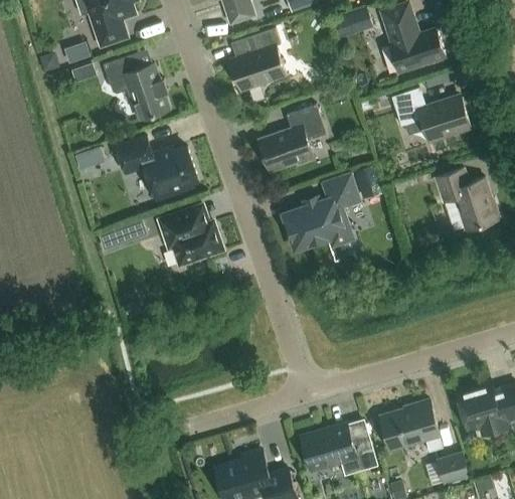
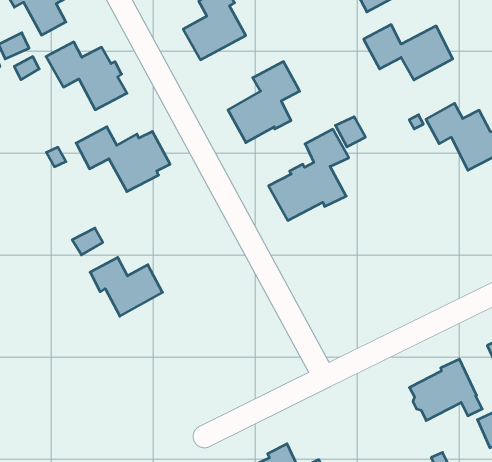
building: [160,211,222,265] -> [90,257,163,316]
building: [301,424,376,474] -> none

